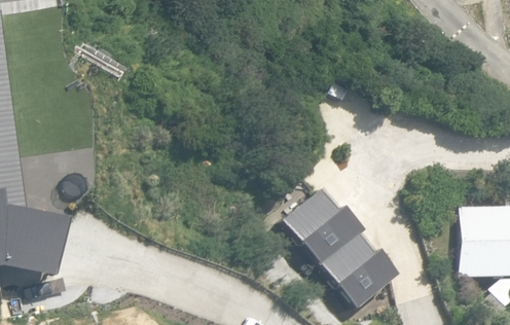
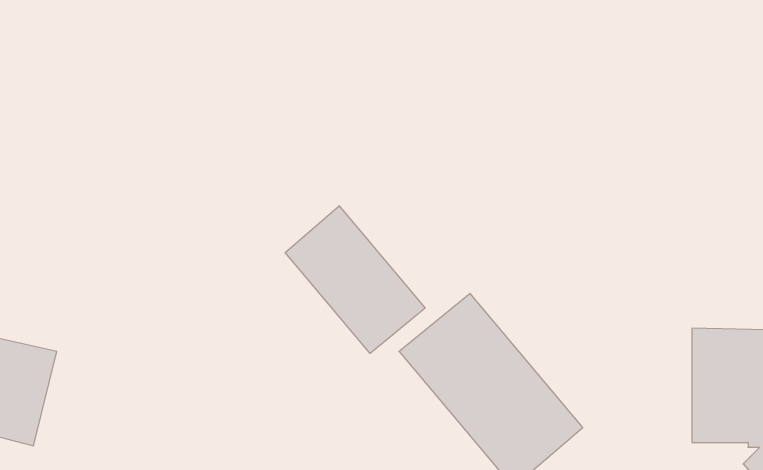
building: none -> [285,206,425,353]

